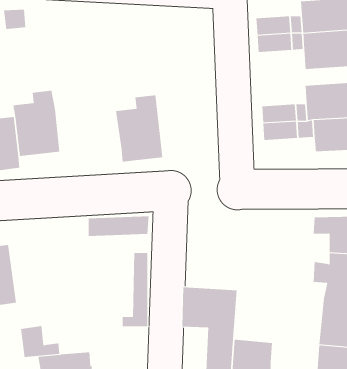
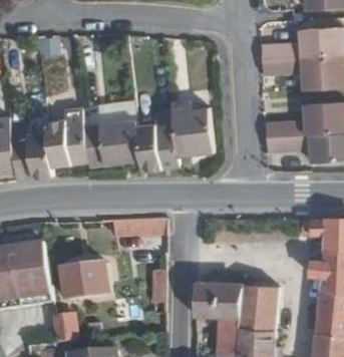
building: none -> [169,99,213,155]
building: none -> [83,119,140,165]
building: none -> [60,262,110,299]
building: none -> [240,283,277,329]

